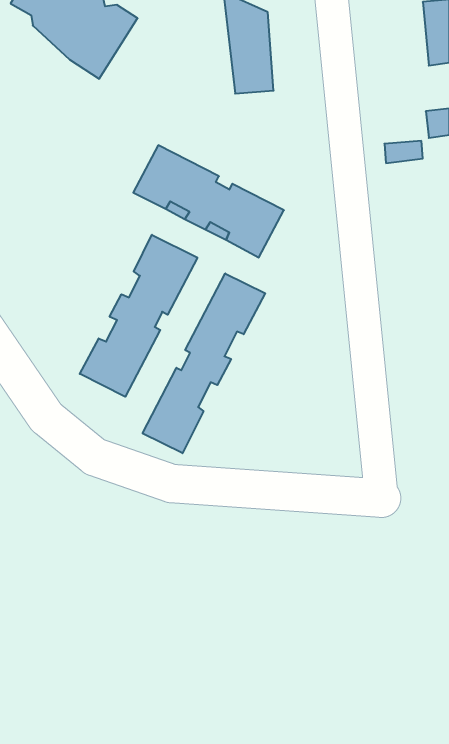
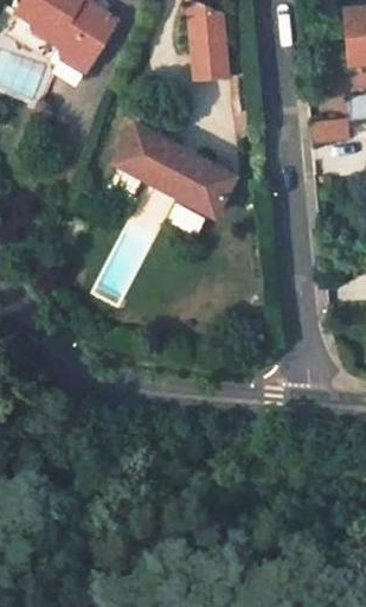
building: [80,235,197,397] -> none
building: [143,273,265,453] -> none

